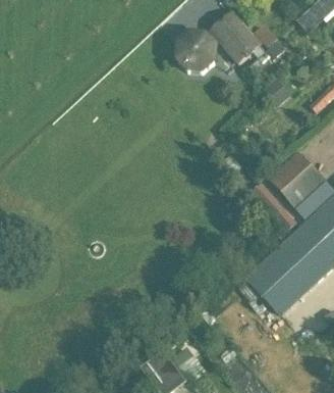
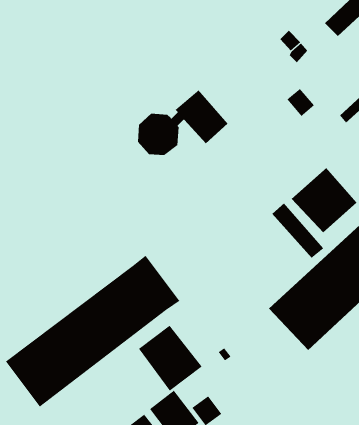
building: [178,13,260,72] -> [137,89,229,156]
building: none -> [5,255,180,407]
building: none -> [138,325,202,391]

